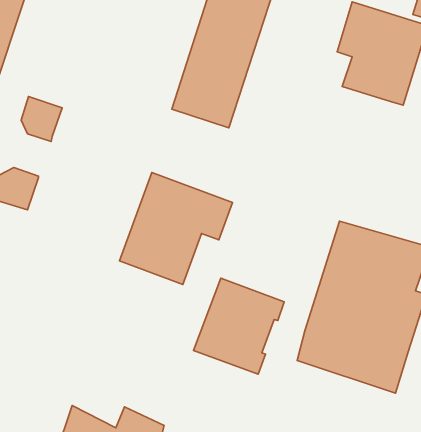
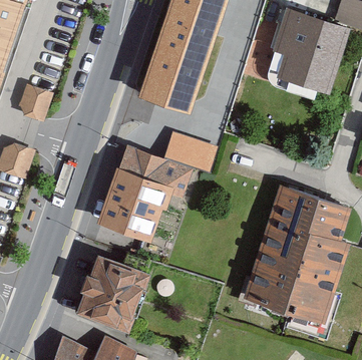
building: none -> [164,131,217,171]
building: [193,278,284,374] -> [76,256,149,333]

